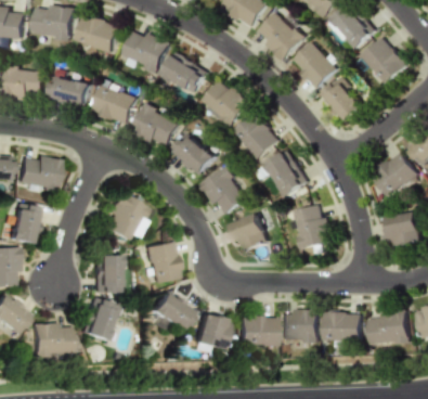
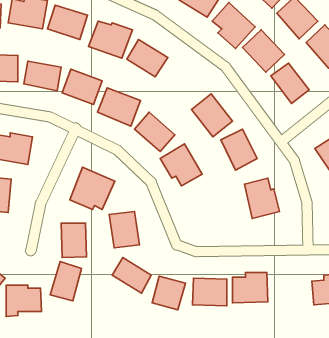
building: [199,79,248,127] -> none
building: [229,213,268,253] -> none
building: [323,312,361,342] -> none

